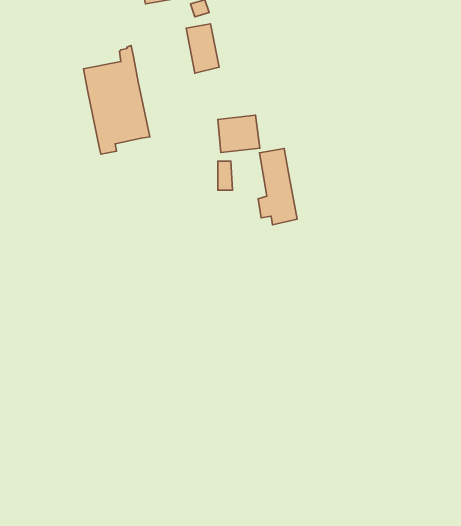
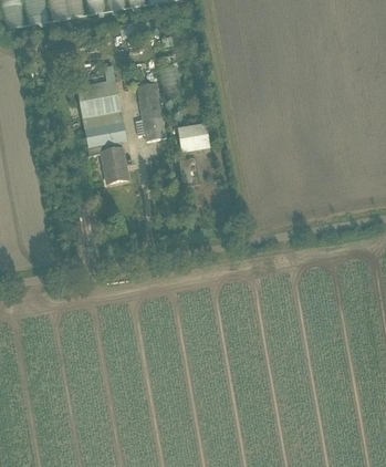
building: none -> [101,146,127,181]
building: [258,148,297,225] -> [135,82,165,141]

